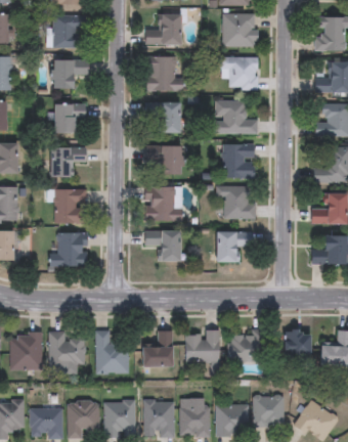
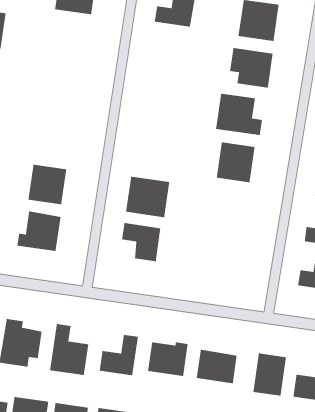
building: [147,55,180,90] -> none
building: [52,59,86,87] -> none
building: [144,101,179,133] -> none
building: [52,102,85,133] -> none
building: [146,145,180,174] -> none
building: [49,146,86,177] -> none
building: [215,185,255,218] -> none
building: [214,230,252,262] -> none

